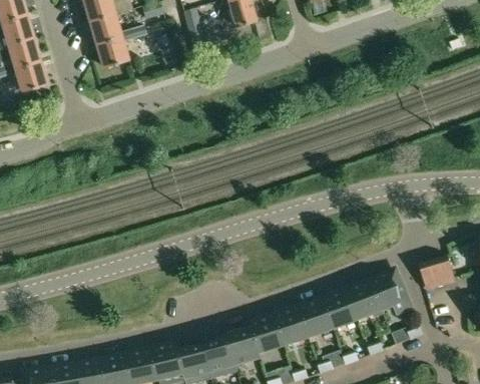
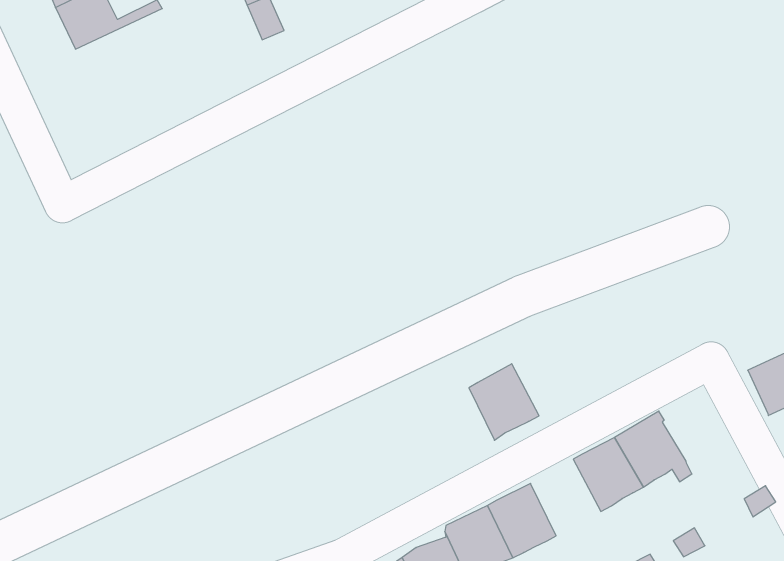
building: [97,31,146,68] -> none
building: [371,274,411,313] -> none
building: [298,297,332,335] -> [469,364,539,440]

